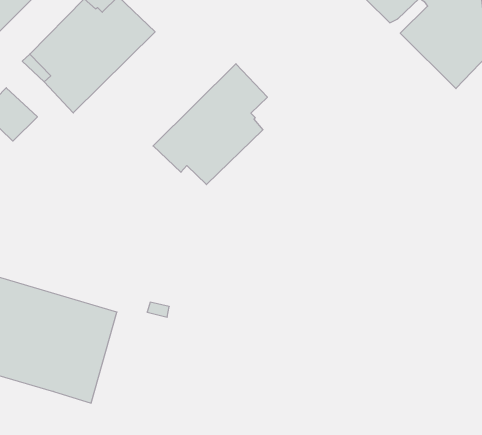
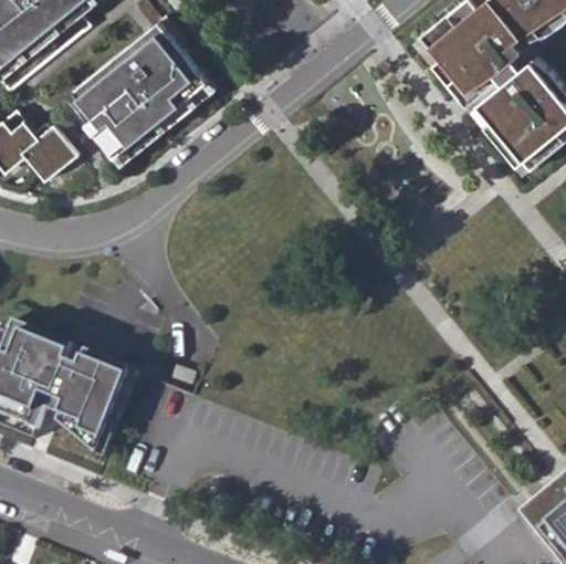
building: [153,64,267,185] -> none

